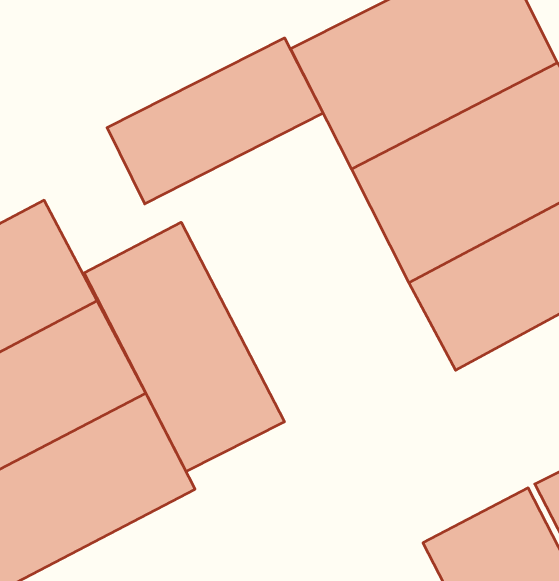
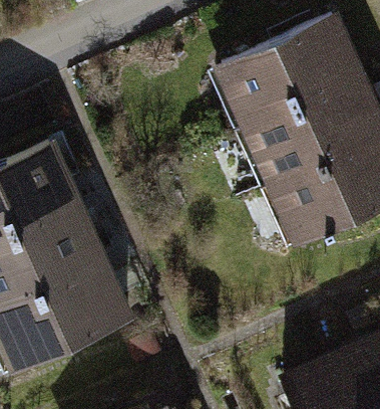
building: [107,38,323,204] -> none
building: [84,222,284,472] -> none

